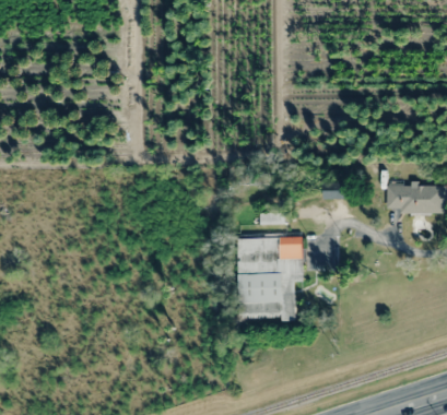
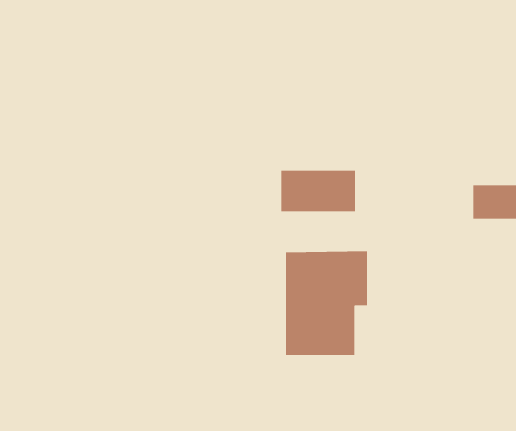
building: none -> [281,170,355,212]

